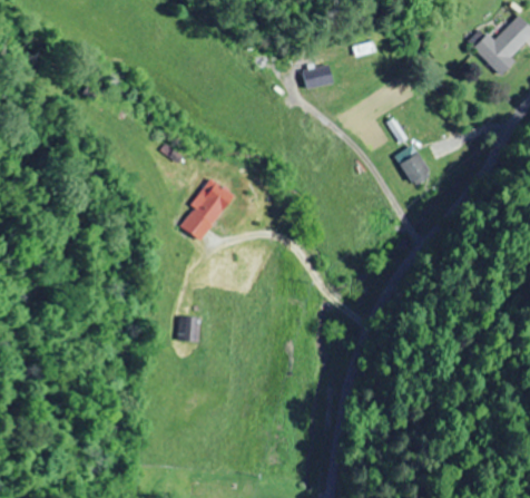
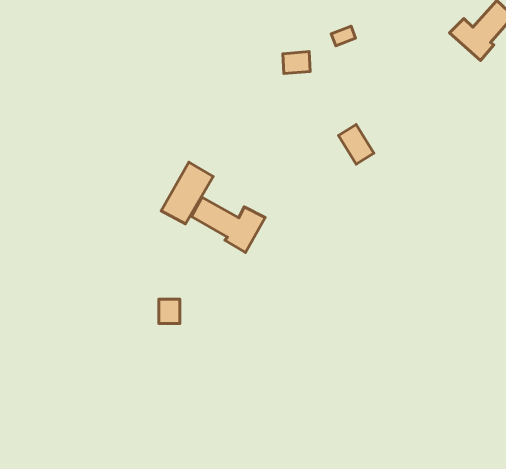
building: [395,145,431,185] -> [339,124,374,164]
building: none -> [192,197,265,252]

